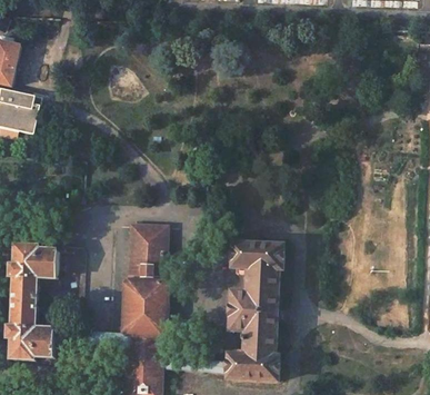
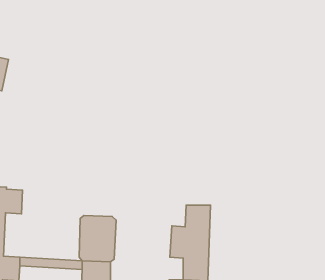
building: [129,226,164,282] -> none
building: [233,245,282,269] -> none

